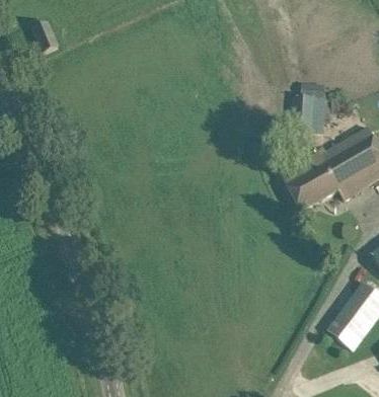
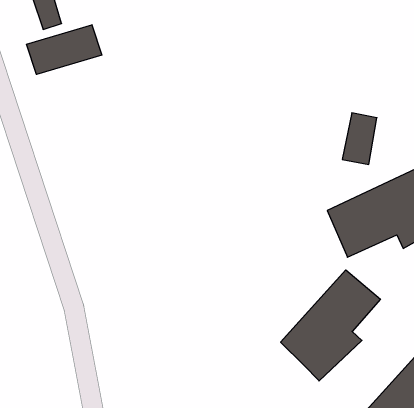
building: none -> [26,25,102,74]
building: none -> [281,270,380,381]

